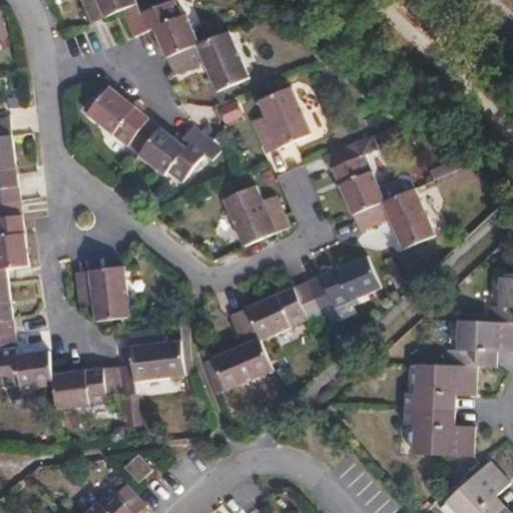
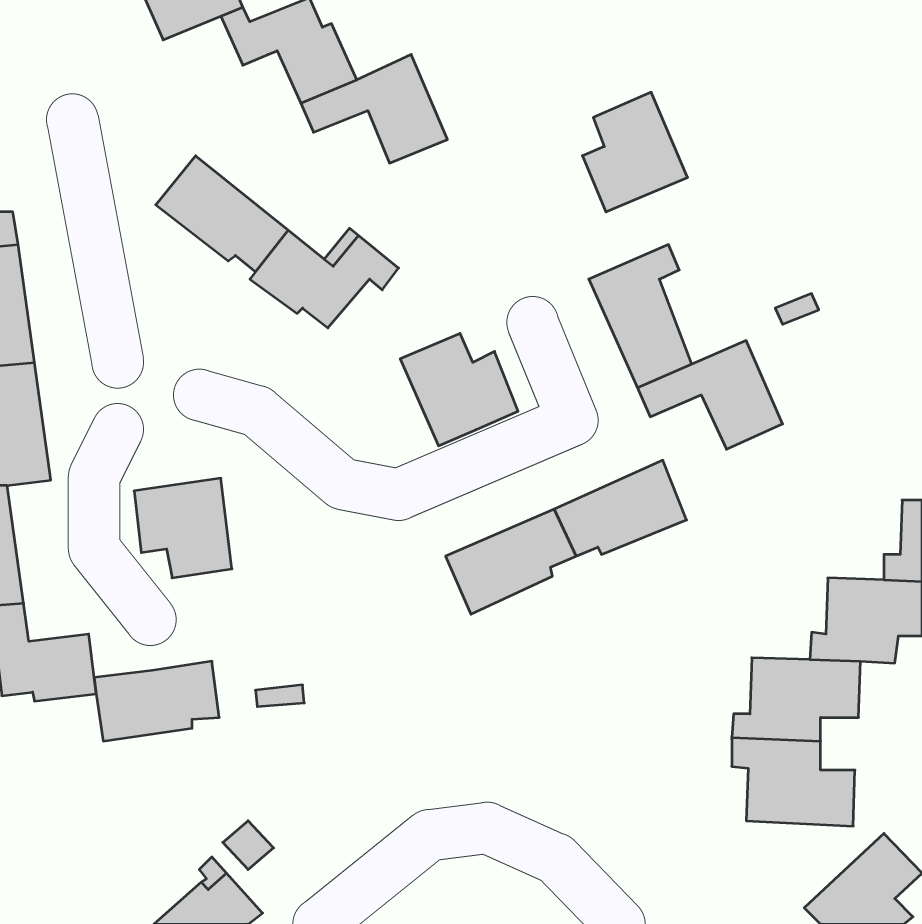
building: [251,86,310,152] -> [582,92,688,212]
building: [211,308,273,390] -> none
building: [117,328,183,397] -> none

